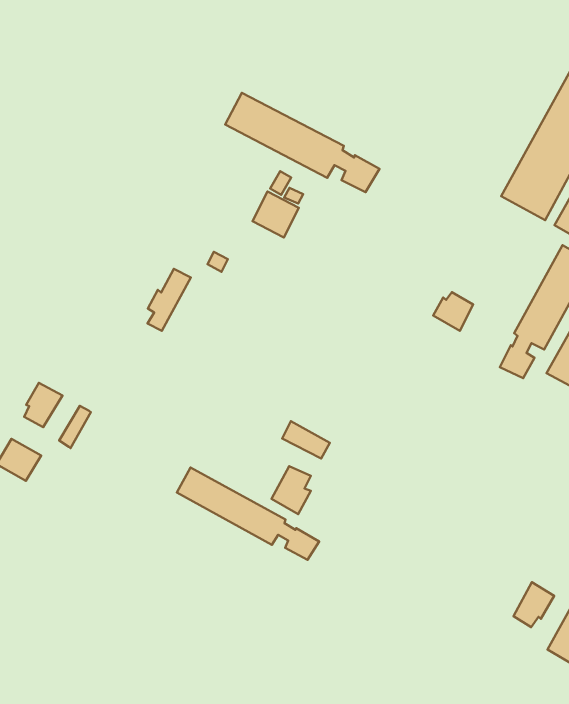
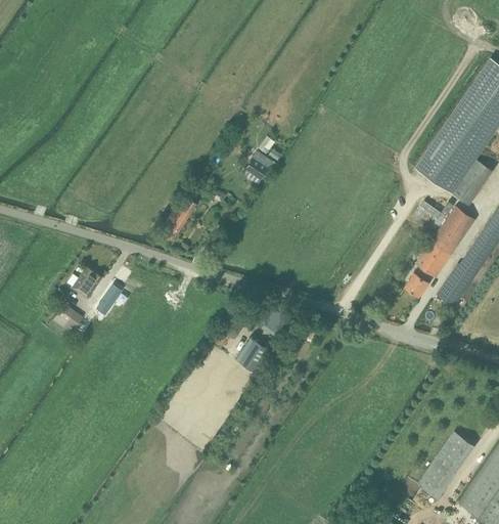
building: [225,93,380,192] -> none
building: [433,292,473,331] -> none
building: [177,467,319,560] -> none
building: [513,582,554,627] -> none

